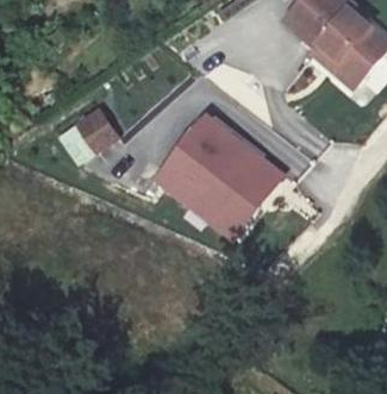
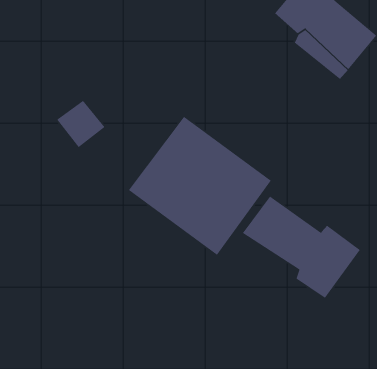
building: none -> [242,195,361,299]

